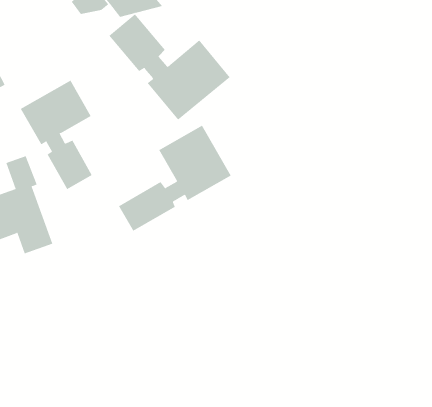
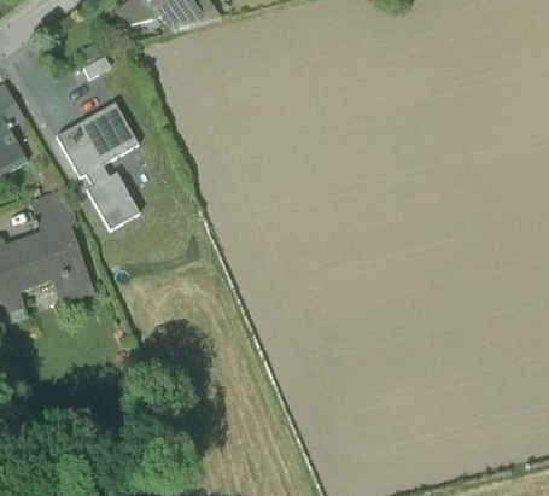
building: [109,13,230,121] -> none
building: [118,125,231,232] -> none

